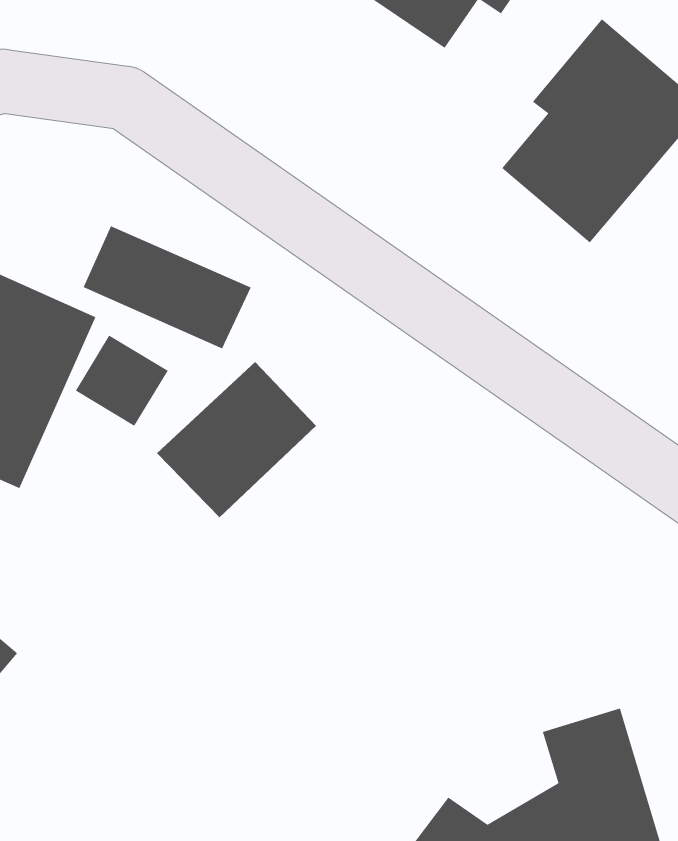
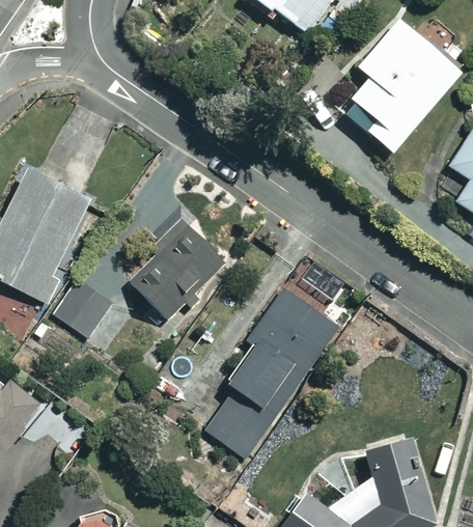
building: [83,225,252,350] -> none
building: [75,335,169,427] -> [49,276,106,332]
building: none -> [198,297,341,457]

